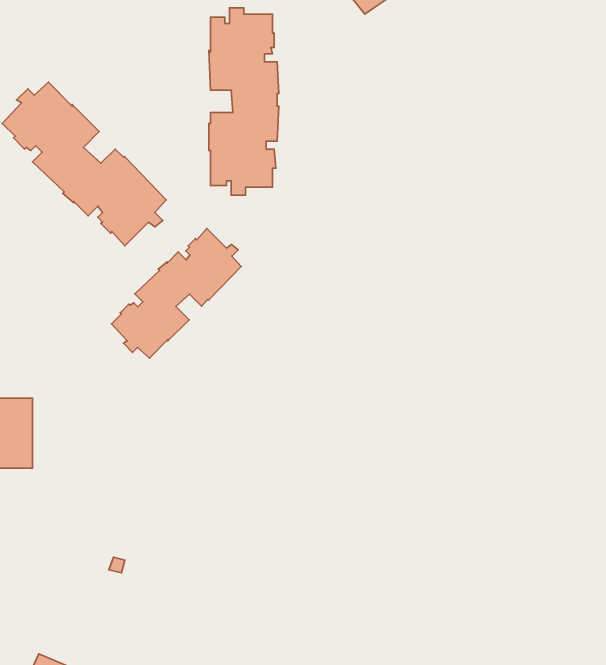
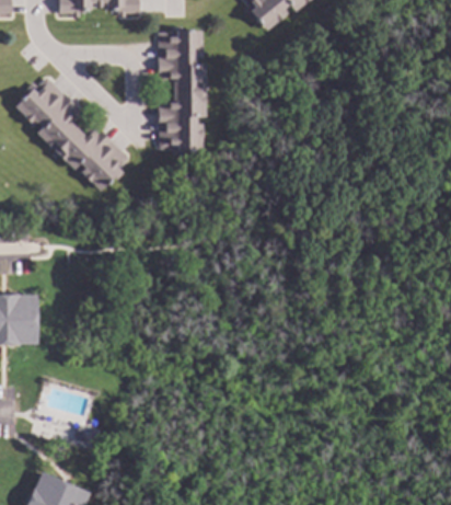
building: [111,229,241,358] -> none

